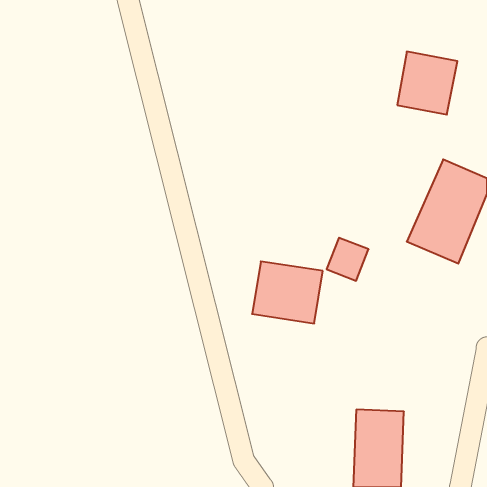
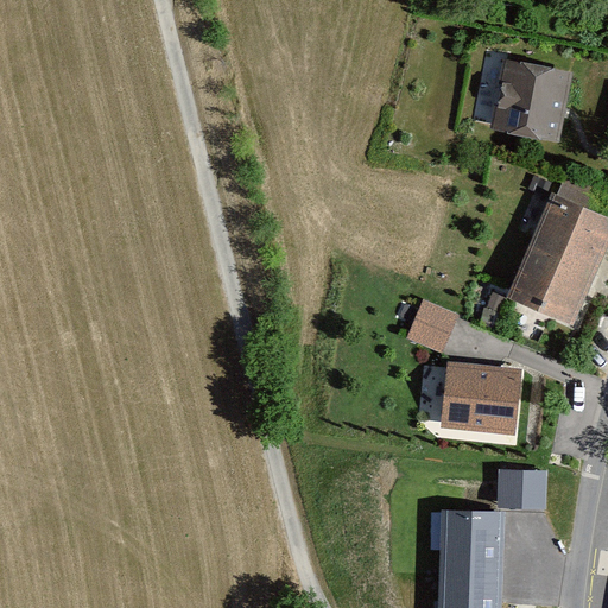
building: [252,261,323,323] -> [437,356,525,433]
building: none -> [496,470,545,508]

